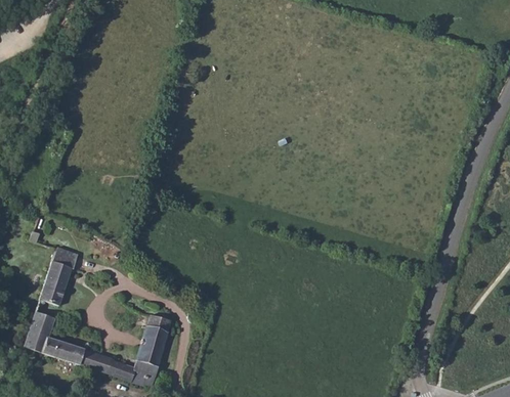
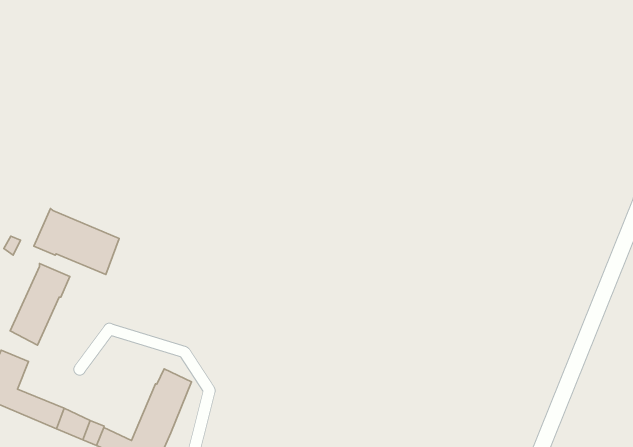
building: none -> [34,209,119,274]

